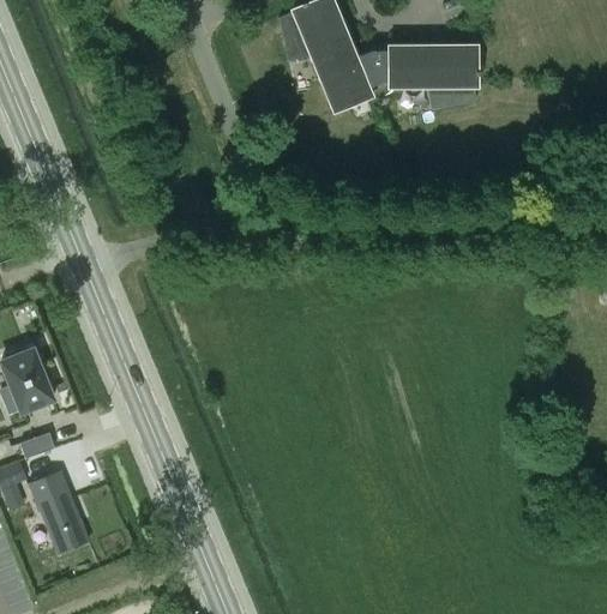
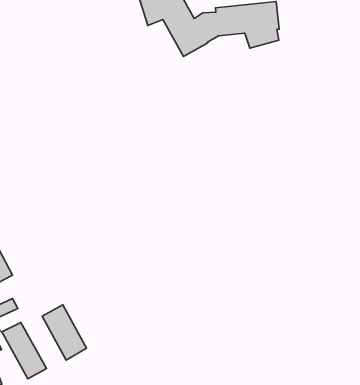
building: none -> [42,305,86,360]

